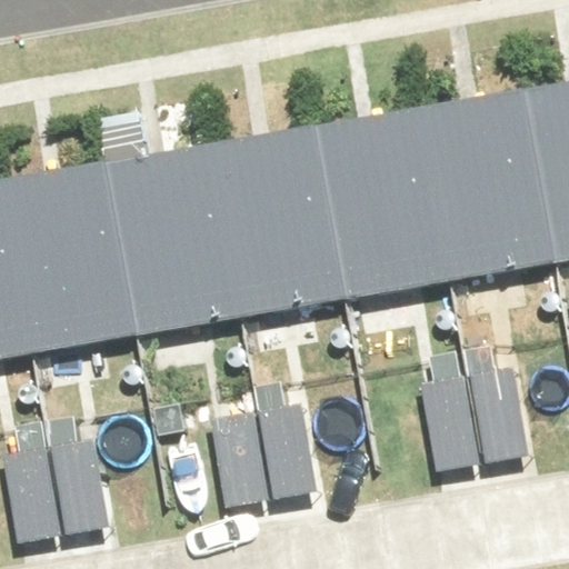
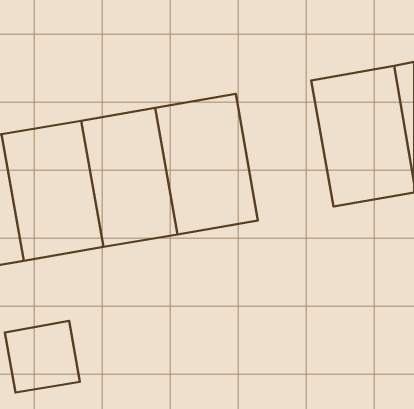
building: [319,109,451,298] -> none
building: [422,362,521,461] -> none
building: [212,401,319,501] -> none

